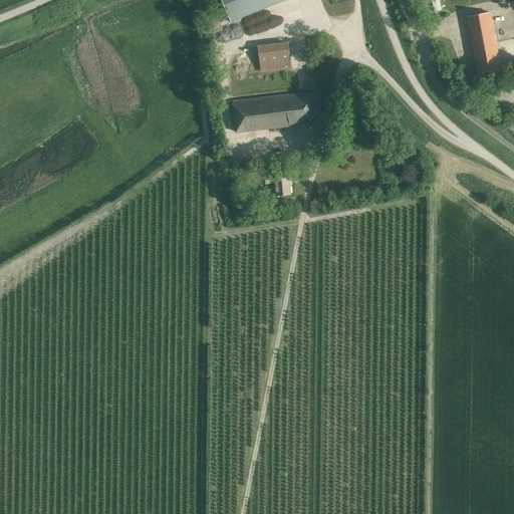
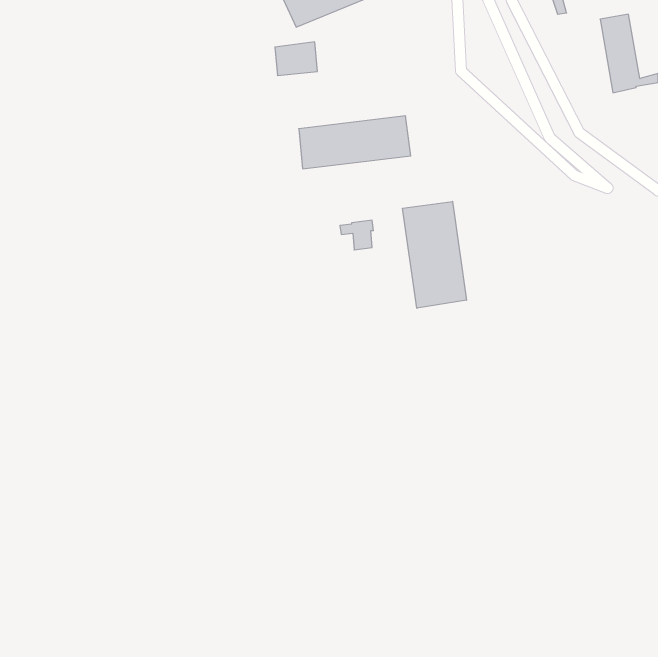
building: [258,43,291,69] -> [275,42,317,75]
building: none -> [403,201,466,308]

